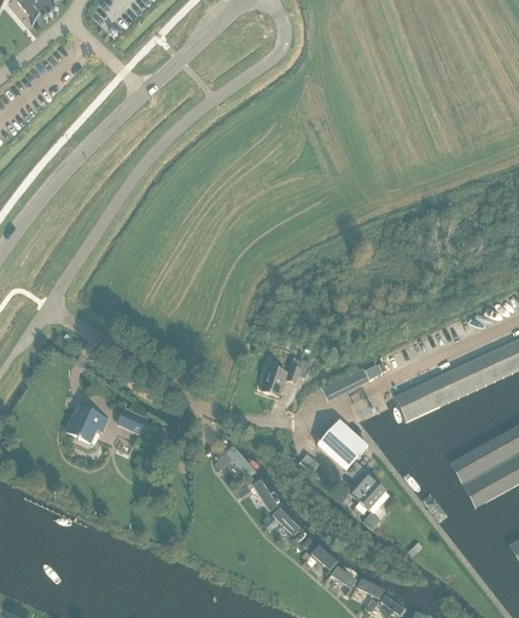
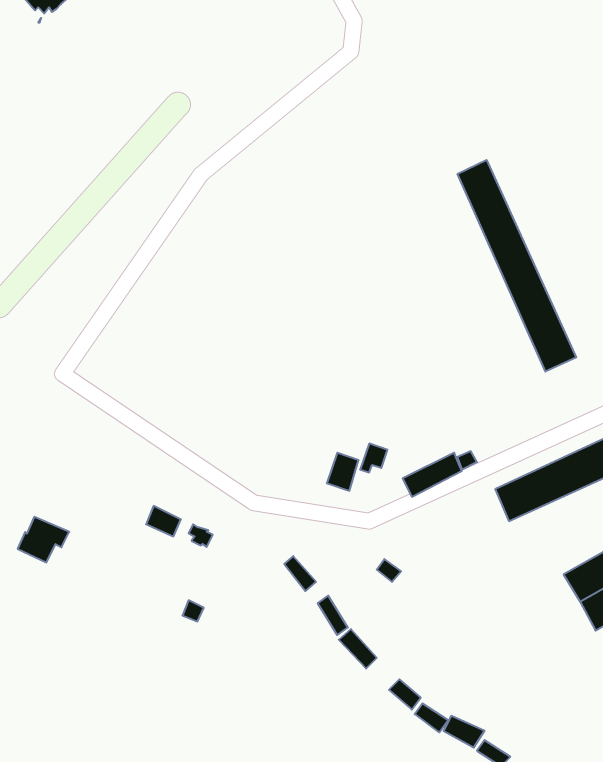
building: none -> [458,160,576,372]
building: [68,406,109,442] -> [18,517,69,562]
building: [317,420,386,509] -> none

